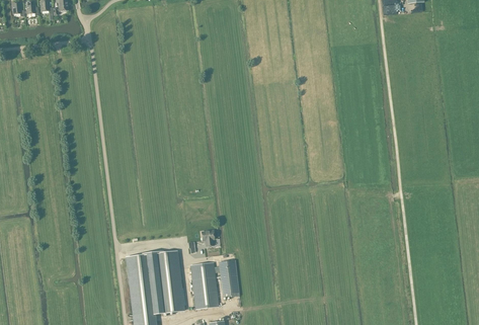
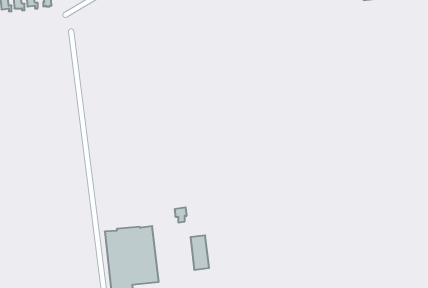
building: [190,261,219,308] -> none

